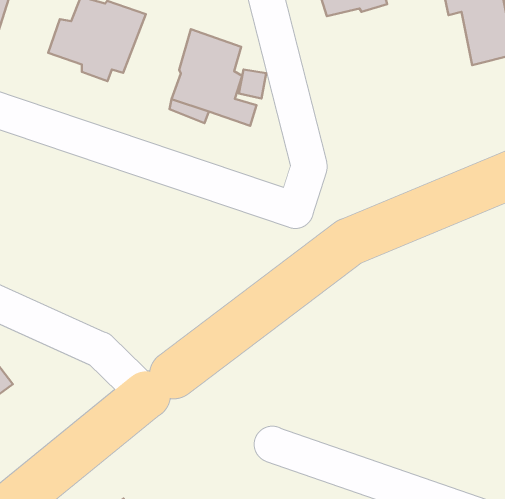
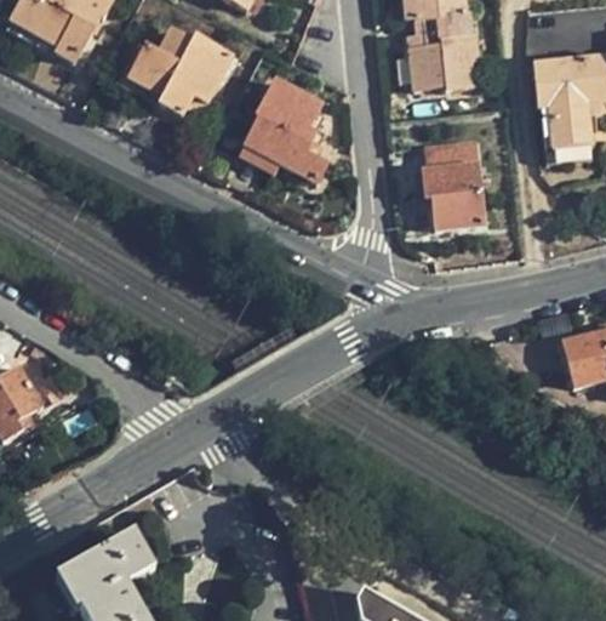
building: none -> [422,139,485,230]

